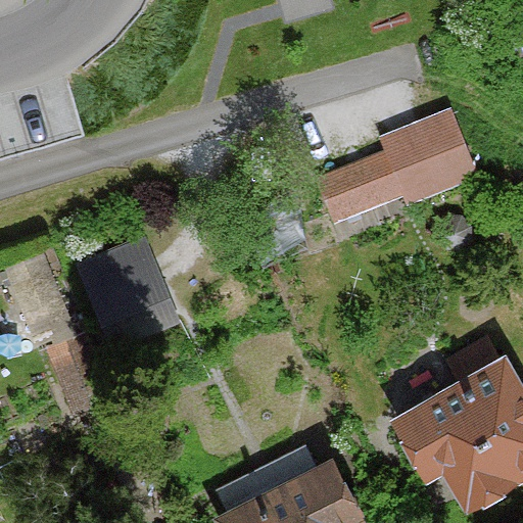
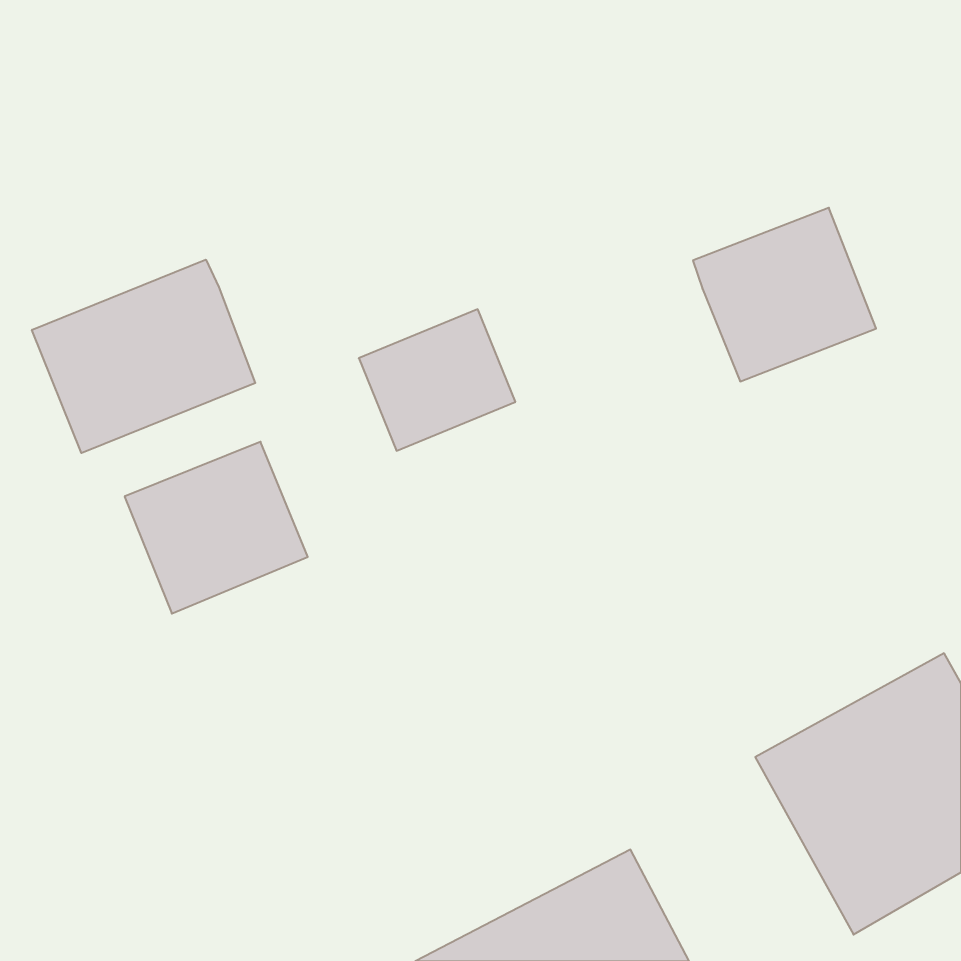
building: none -> [32,260,255,453]
building: [316,156,400,233] -> [359,309,515,451]

